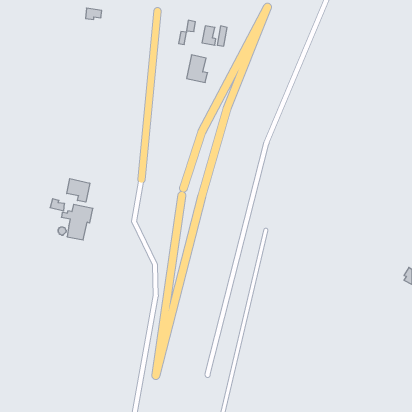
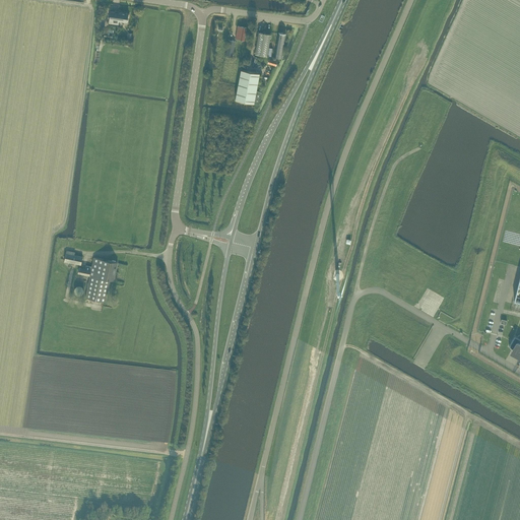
building: [67,179,90,202] -> none

